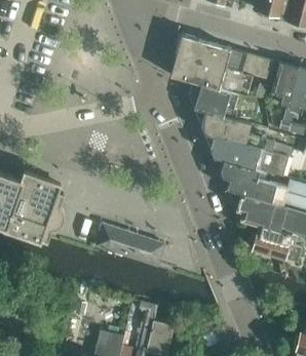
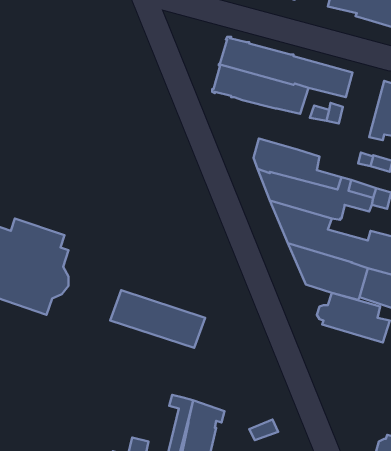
building: [271,64,299,107] -> none
building: [189,83,238,120] -> none

